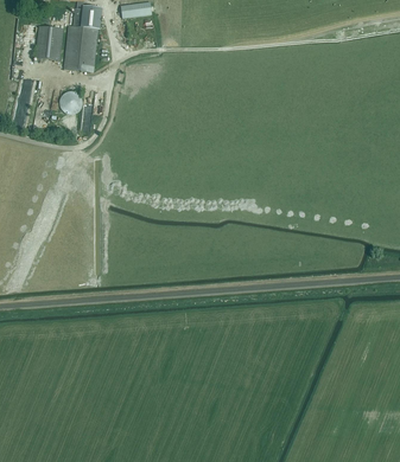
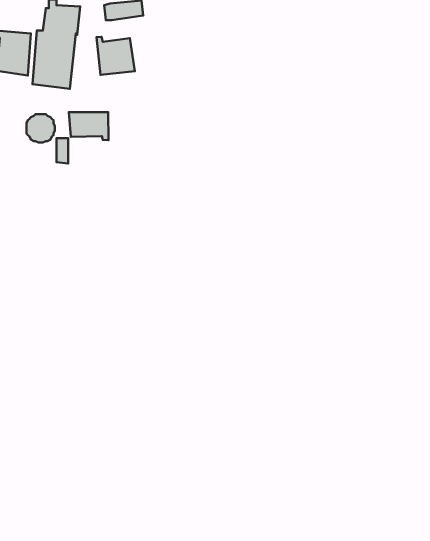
building: none -> [97,37,135,75]
building: none -> [69,112,109,140]

